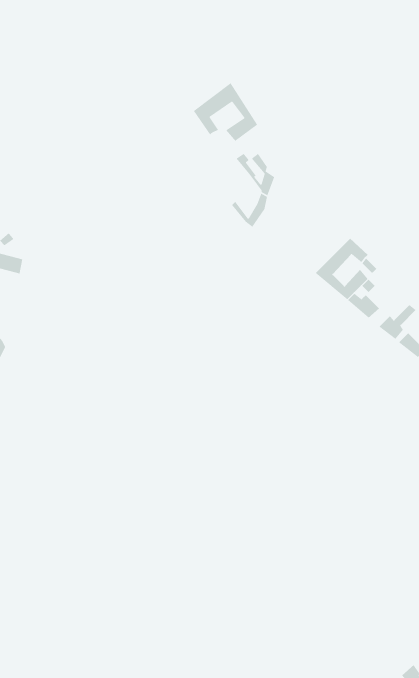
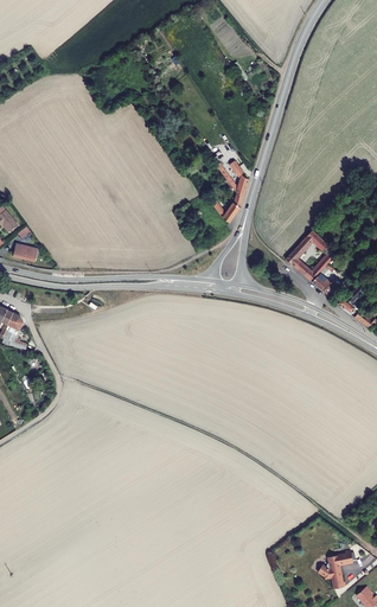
building: [193,82,258,142] -> none
building: none -> [317,555,352,590]

